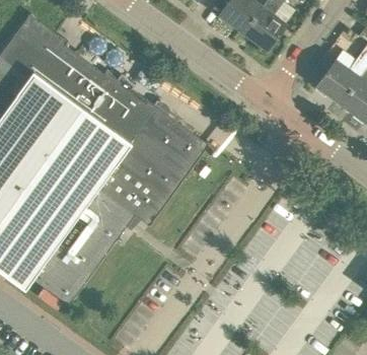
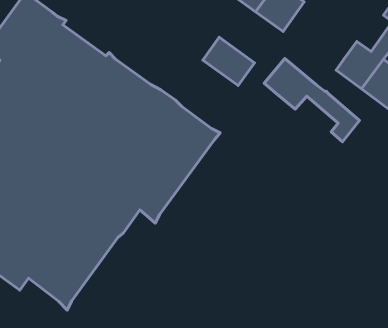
building: none -> [203,37,254,86]
building: none -> [264,59,359,142]

